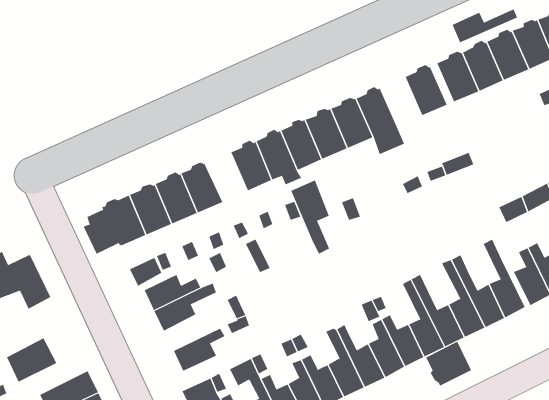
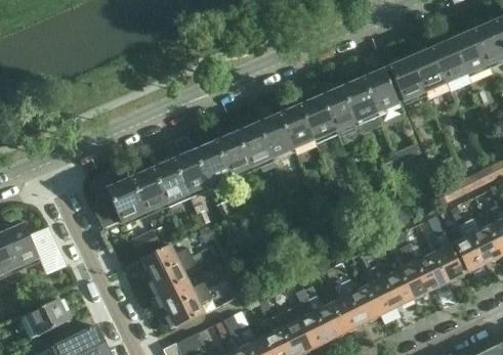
building: [452,8,518,43] -> none
building: none -> [341,78,376,121]
building: none -> [194,141,229,184]
building: [290,180,330,254] -> none
building: none -> [159,278,207,309]
building: [425,341,472,387] -> none

